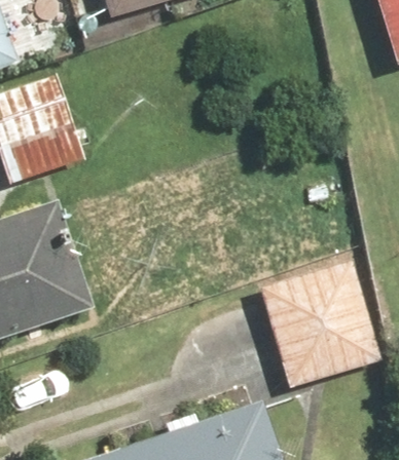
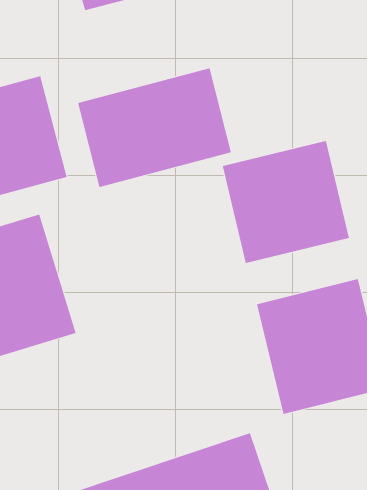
building: none -> [78,67,231,188]
building: none -> [222,140,349,264]

